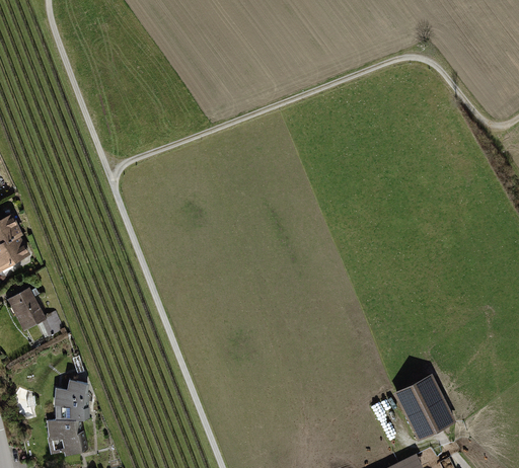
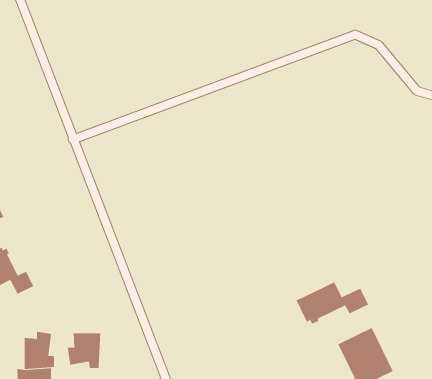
building: none -> [296,281,369,325]
building: none -> [67,333,101,369]

